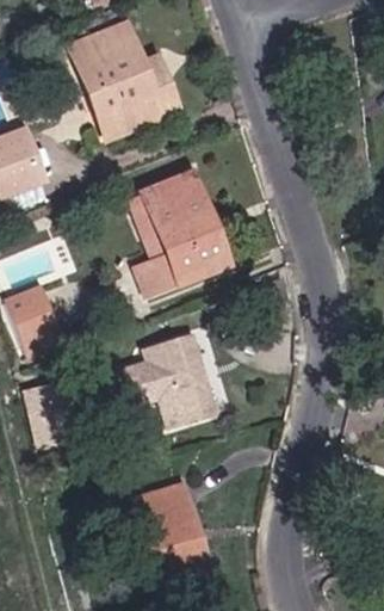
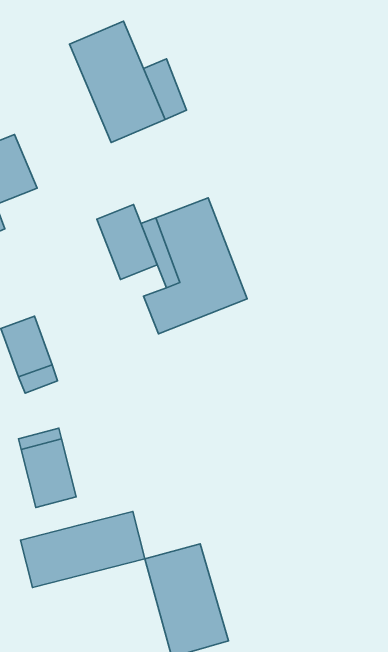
building: none -> [97,205,157,279]
building: [132,335,223,426] -> none
building: none -> [21,512,145,588]

